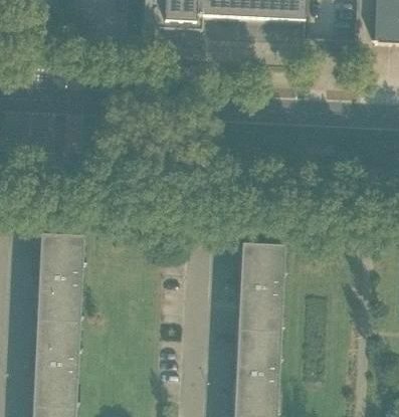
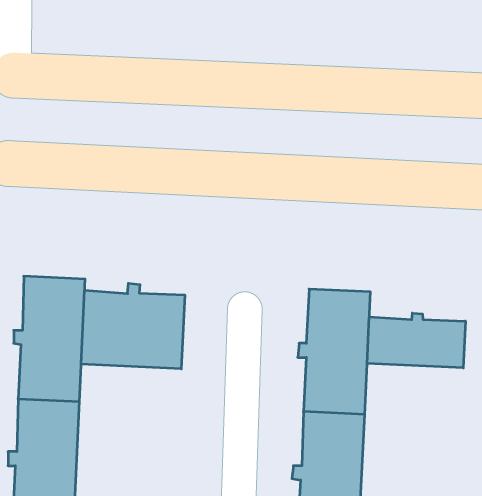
building: none -> [81,283,185,369]
building: none -> [367,313,465,368]

